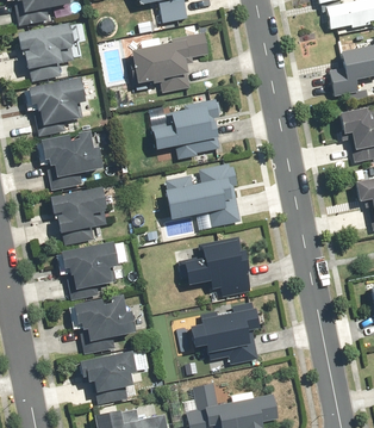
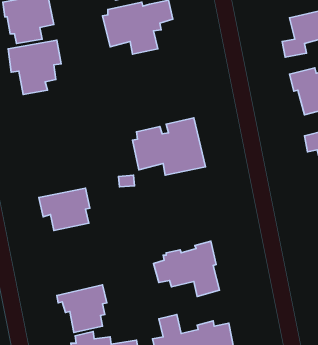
building: [149,98,222,156] -> none
building: [39,132,100,190] -> none
building: [49,186,108,244] -> none
building: [182,236,250,297] -> none
building: [71,293,133,356] -> none

